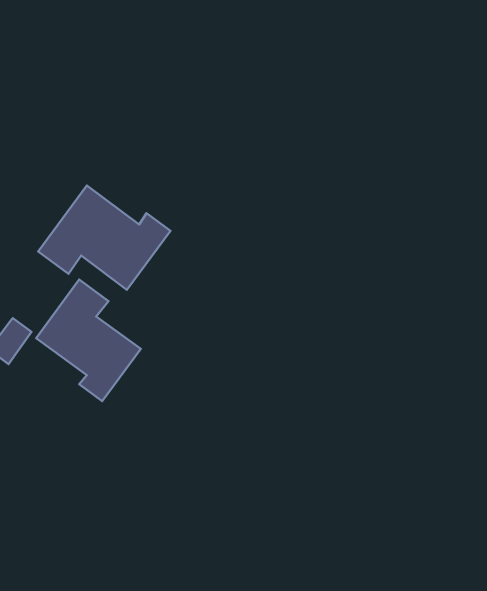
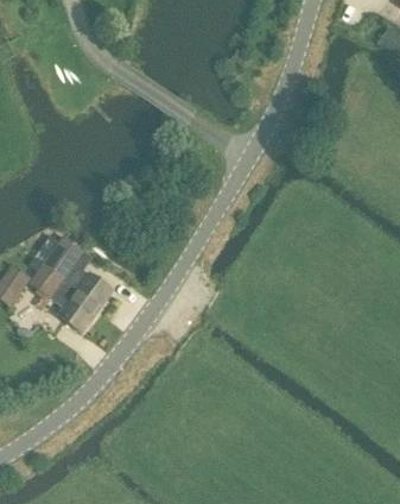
building: [38,185,171,290] -> none

